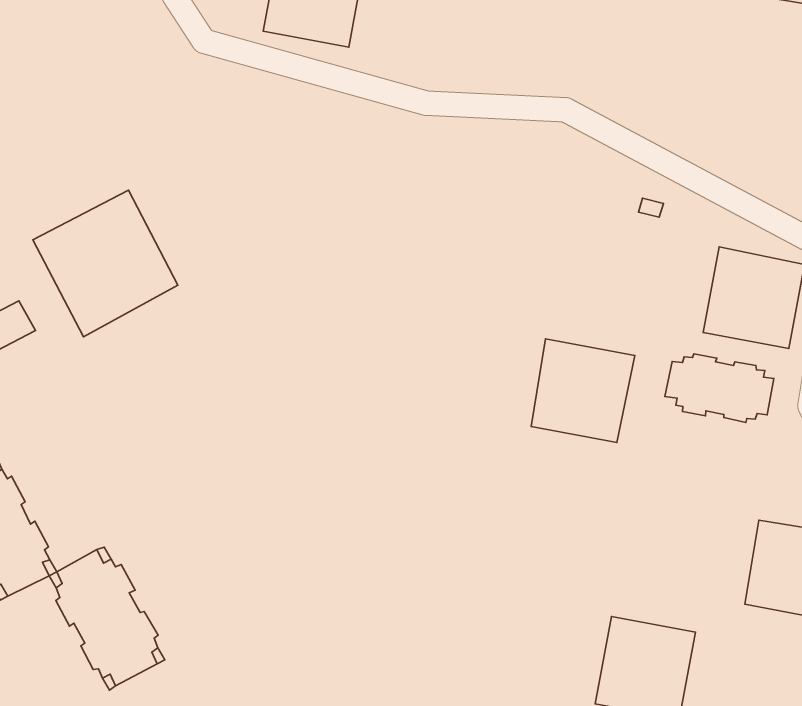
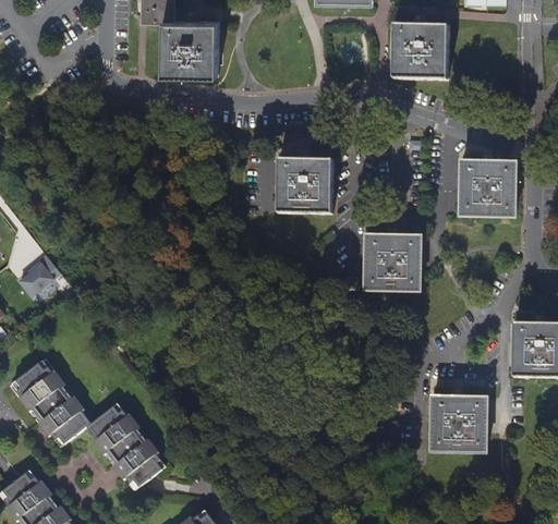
building: none -> [395,25,449,80]
building: [33,190,178,337] -> none
building: none -> [276,157,331,210]
building: [665,354,774,422] -> none

